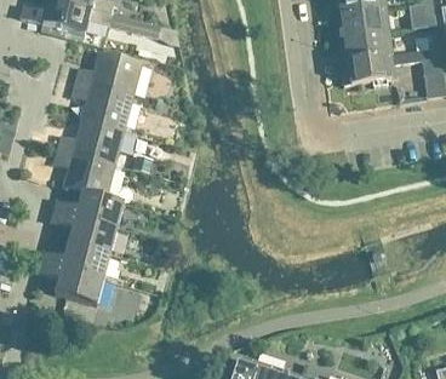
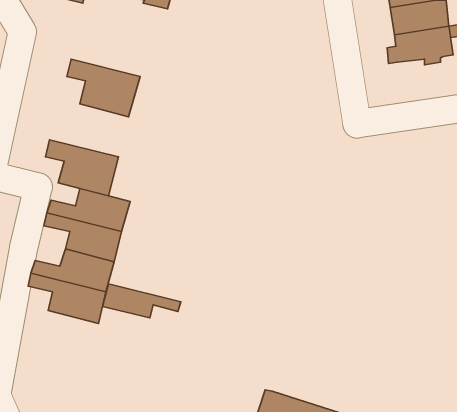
building: [75,51,142,96] -> none
building: [57,119,124,163] -> none
building: none -> [102,284,181,318]

